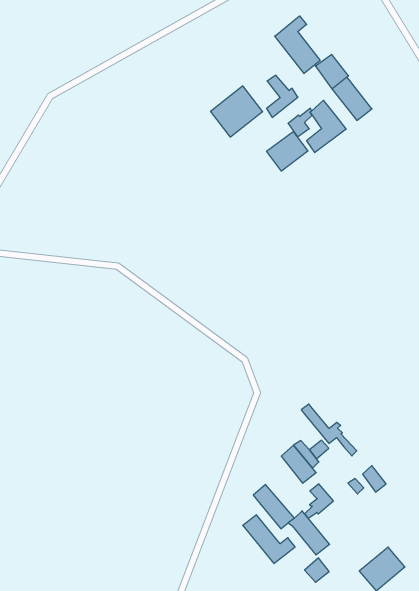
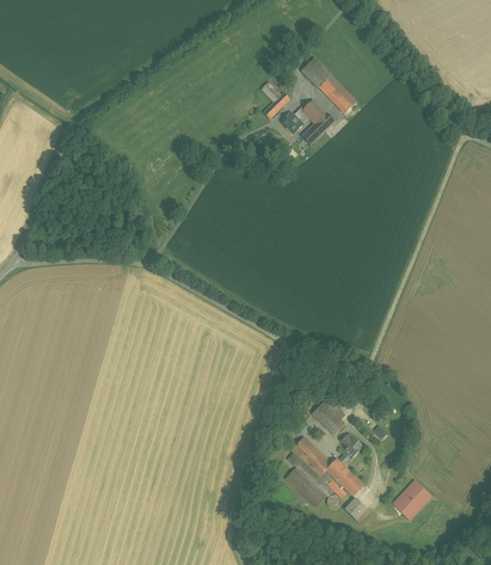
building: [275,16,320,74] -> none
building: [211,86,263,137] -> none
building: [267,131,308,171] -> none
building: [301,404,357,456] -> [293,456,345,497]

